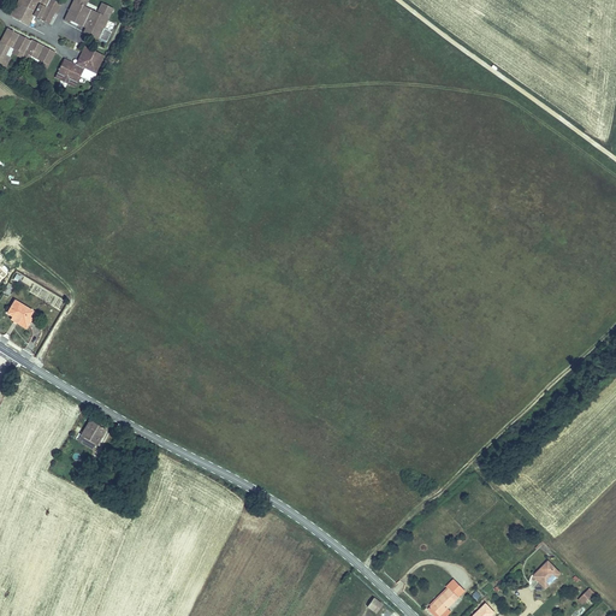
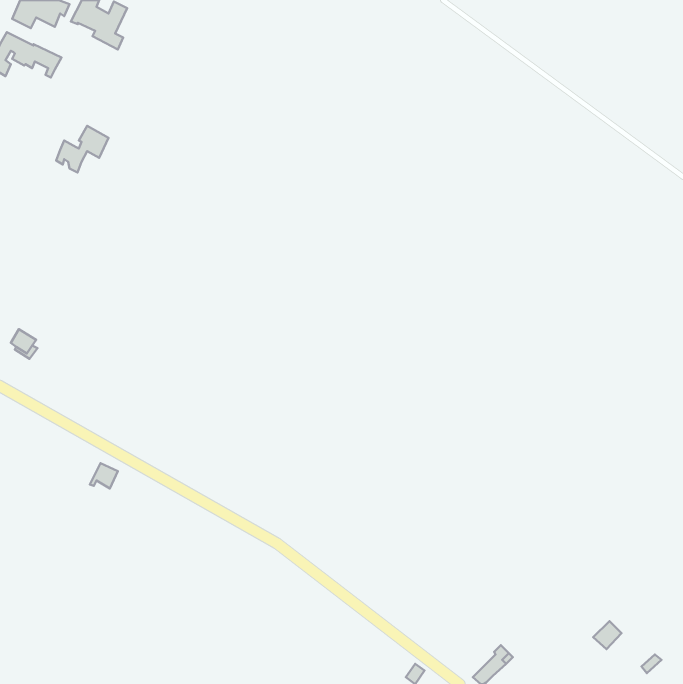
building: [55,46,102,88] -> [56,126,108,173]

